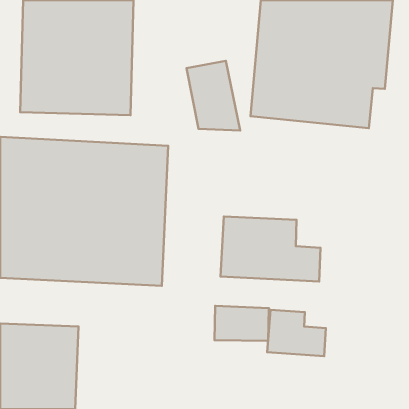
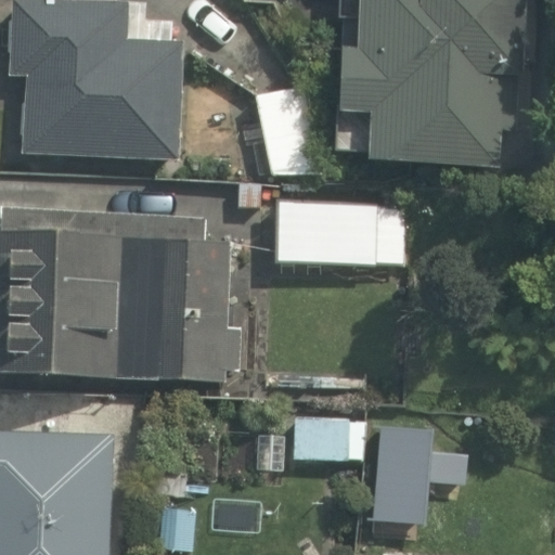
building: [221,217,321,281] -> [272,183,408,271]

